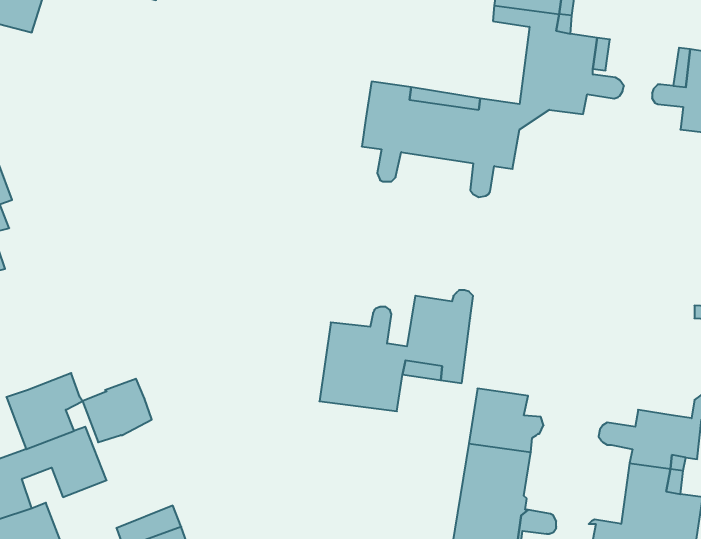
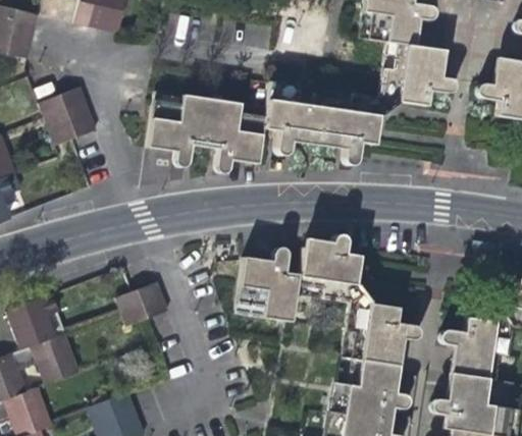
building: none -> [37,78,98,143]
building: none -> [151,93,269,172]
building: none -> [337,254,418,340]
building: [83,379,152,442] -> [119,280,169,326]

